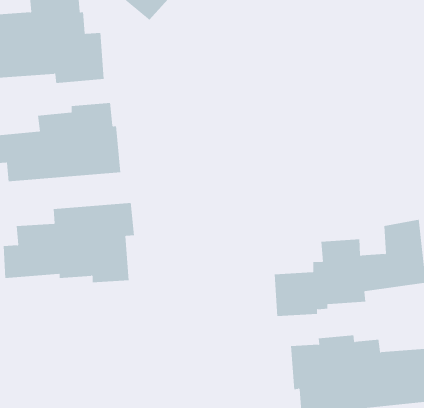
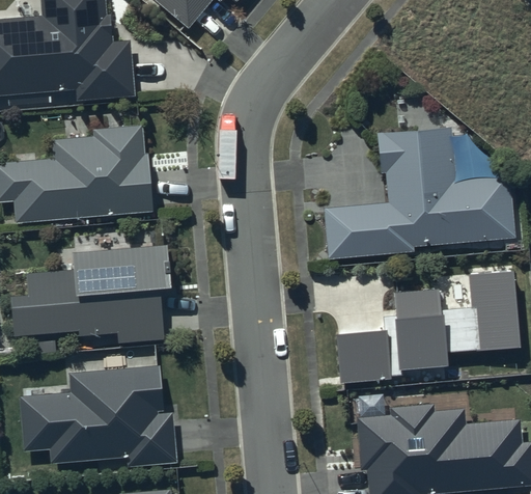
building: none -> [326,129,513,258]
building: none -> [20,364,176,465]

